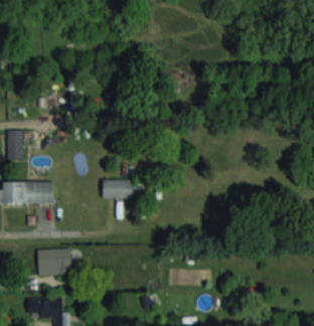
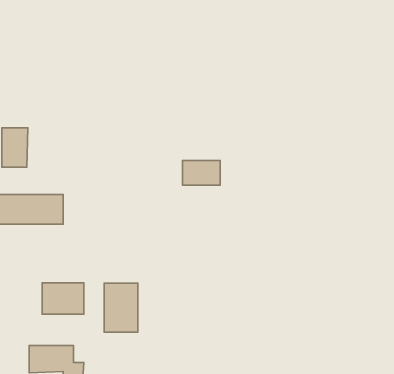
building: [103,179,132,198] -> [182,160,220,185]
building: none -> [104,283,138,332]

